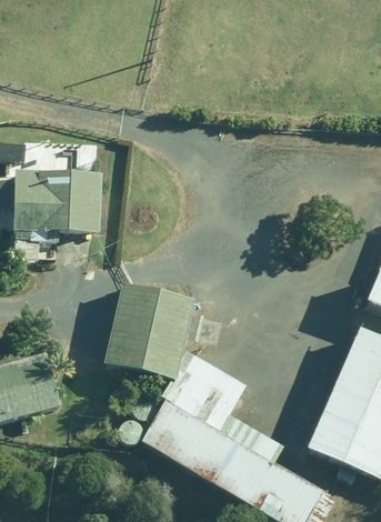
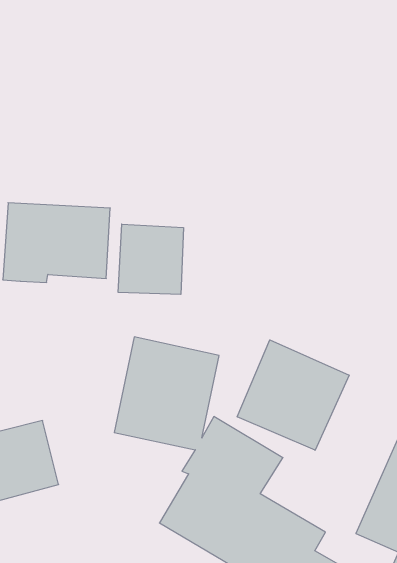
building: none -> [118,224,183,294]
building: none -> [237,340,349,450]

